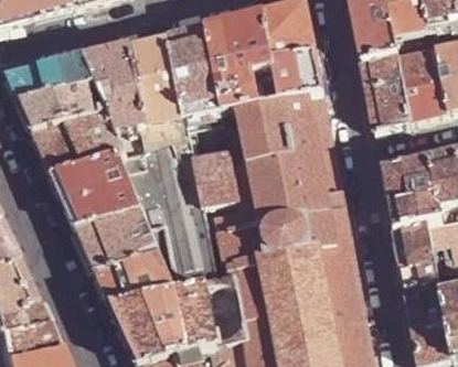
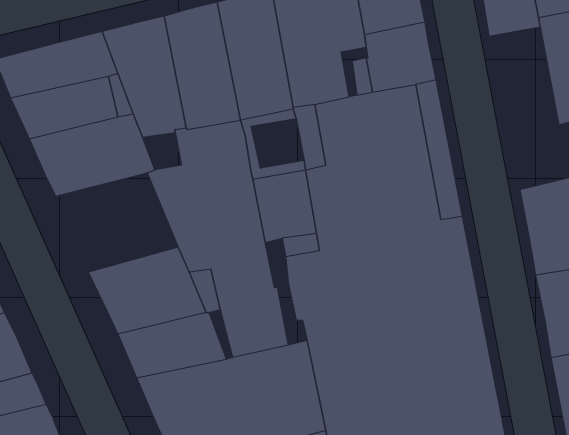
building: [360,50,409,127] -> none
building: [52,153,139,224] -> none

